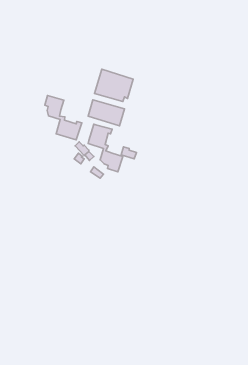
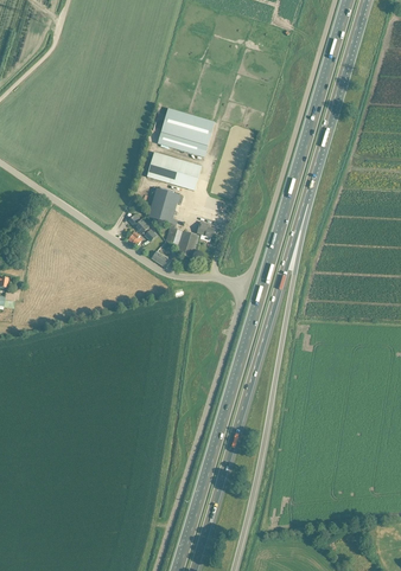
building: [45,95,82,140] -> none

